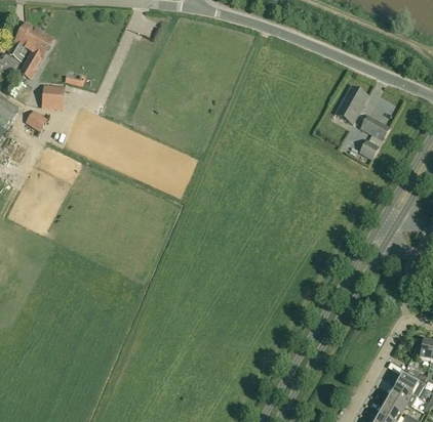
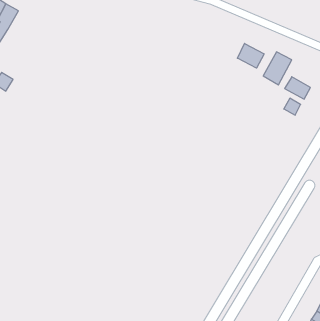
building: none -> [237,43,264,68]
building: [42,85,65,107] -> none

